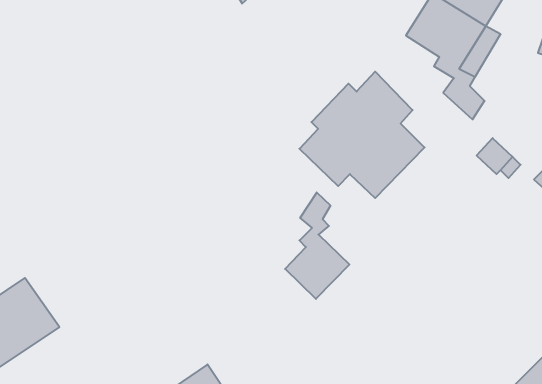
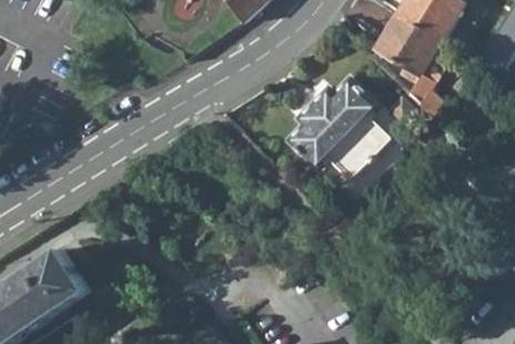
building: [285,192,349,299] -> none

